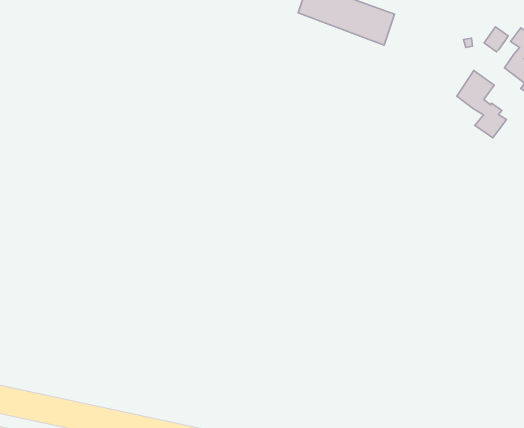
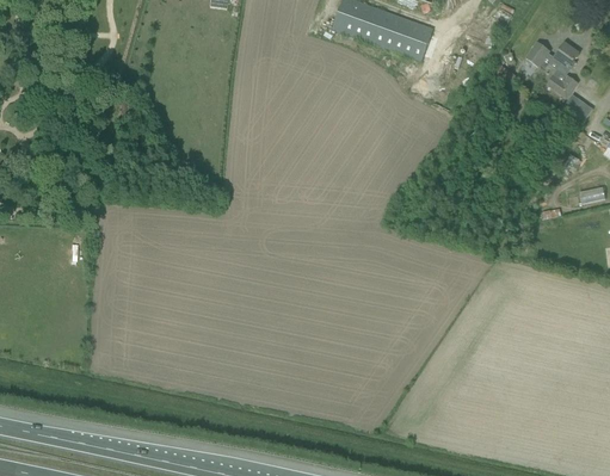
building: [457,71,506,138] -> none

